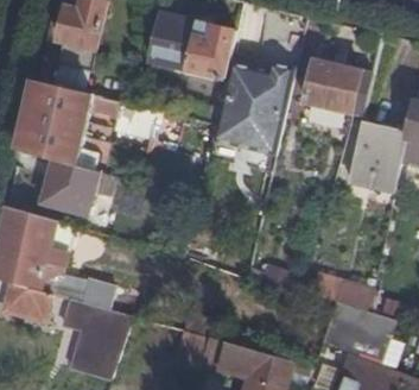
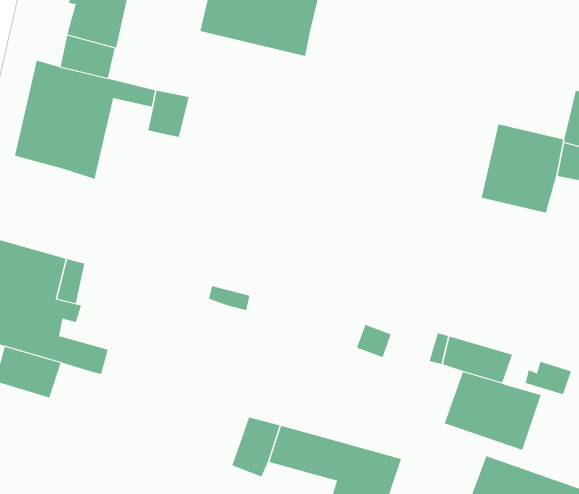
building: [210,59,293,153] -> none
building: [303,61,370,114] -> none
building: [42,157,97,212] -> none
building: [63,300,132,380] -> none

